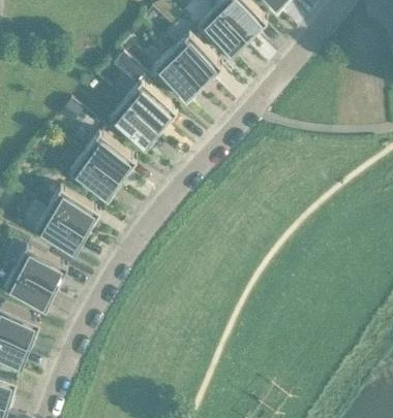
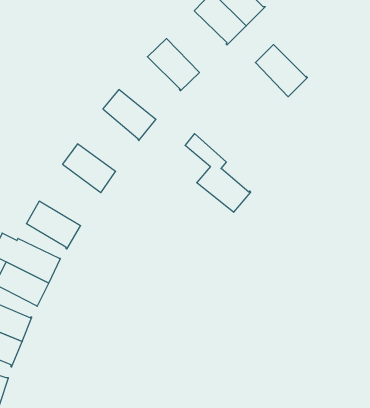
building: [169,36,219,87] -> [255,45,307,97]
building: [111,56,175,132] -> [185,134,251,212]
building: [82,135,134,183] -> none
building: [44,190,98,235] -> none

